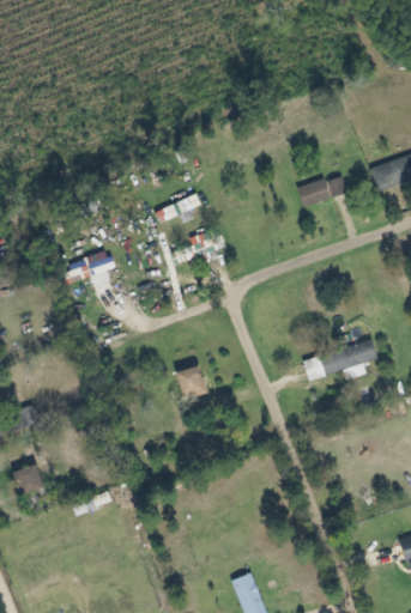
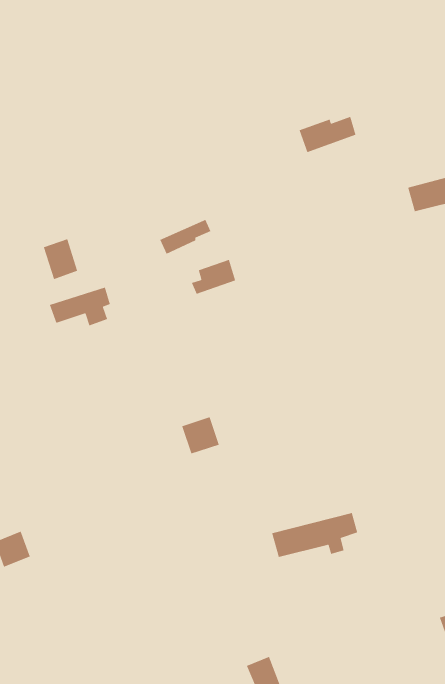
building: [296,175,346,207] -> [299,116,356,153]
building: none -> [43,238,78,280]
building: [302,340,377,380] -> [271,512,358,558]

